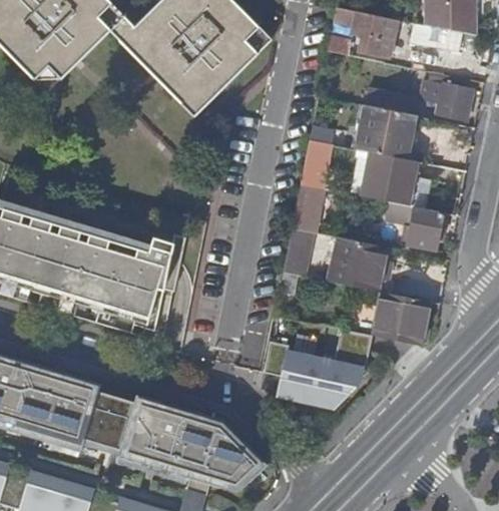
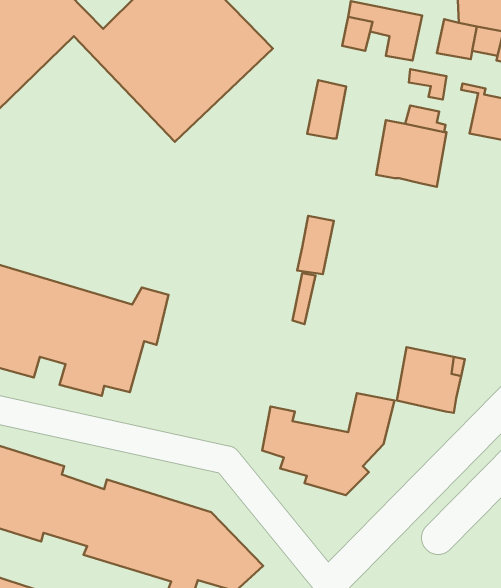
building: [301,136,333,184] -> [307,80,346,139]
building: [364,149,417,201] -> none
building: [406,204,442,246] -> none
building: [327,233,388,289] -> none

